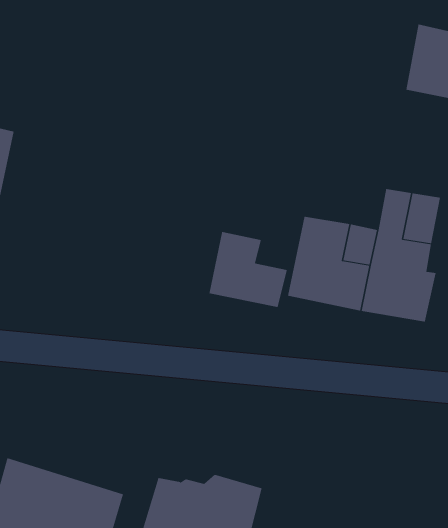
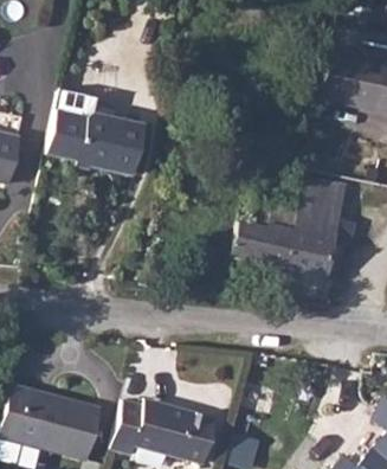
building: none -> [52,82,154,171]
building: [209,231,287,308] -> none

